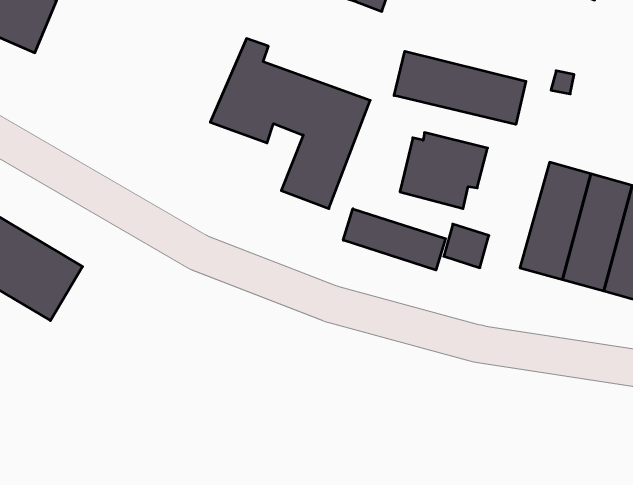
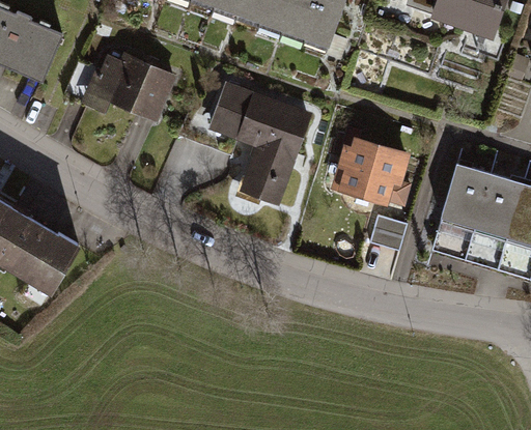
building: none -> [66,54,177,121]
building: [394,51,526,124] -> none
building: [343,209,446,270] -> none

